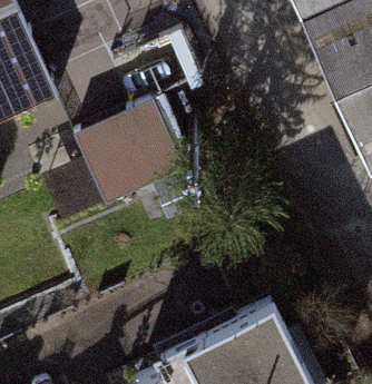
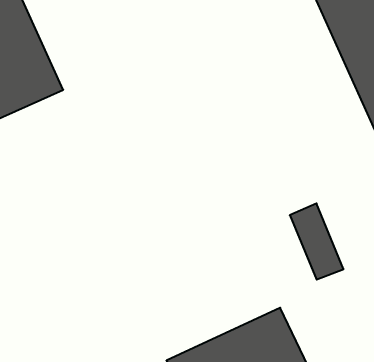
building: [78,106,185,208] -> none

